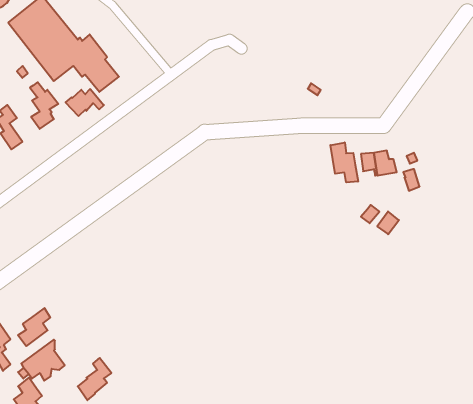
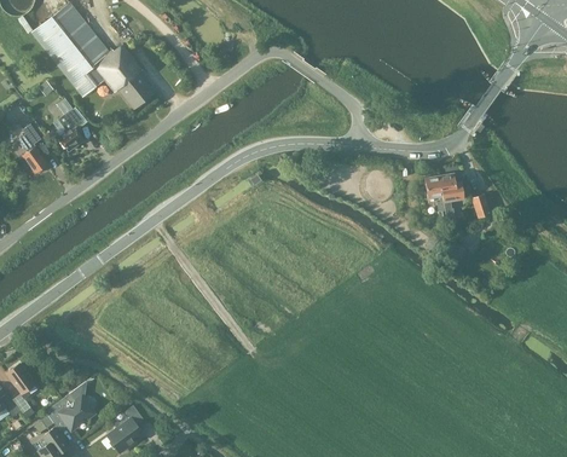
building: [66,89,104,116] -> none
building: [330,142,358,182] -> none
building: [18,308,50,346] -> none

